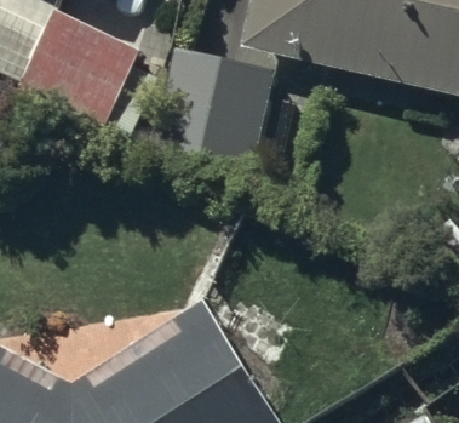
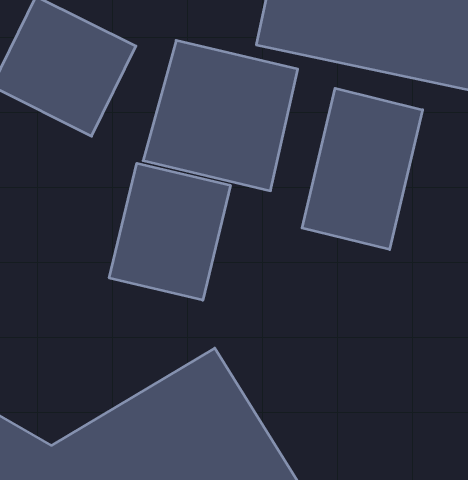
building: none -> [302,88,423,250]
building: none -> [109,163,230,300]

